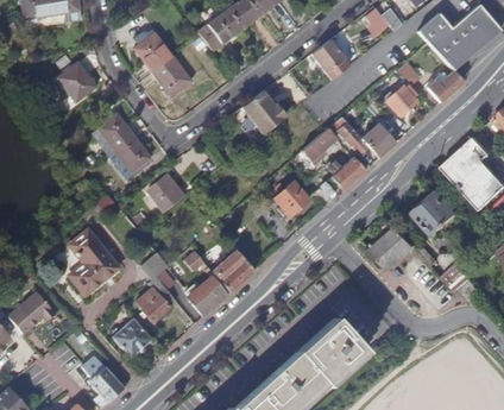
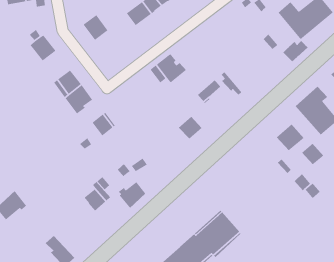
building: [310,39,344,72] -> none
building: [152,57,191,96] -> none
building: [385,84,416,116] -> none
building: [360,124,395,160] -> none
building: [326,158,365,191] -> none
building: none -> [301,143,324,165]
building: [371,226,415,269] -> none
building: [70,231,118,295] -> none
building: [212,251,254,294] -> none
building: [113,318,151,358] -> none

